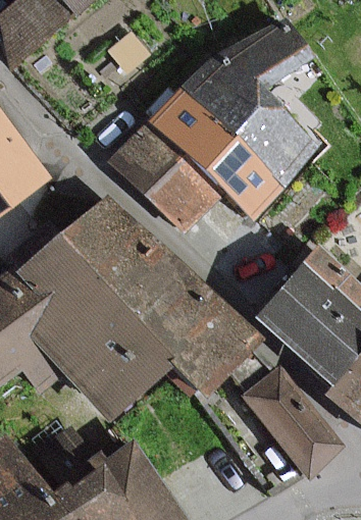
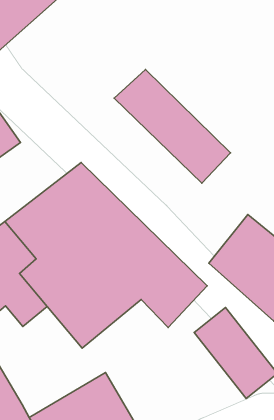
building: [184,18,323,185] -> none
building: [109,120,250,259] -> none

